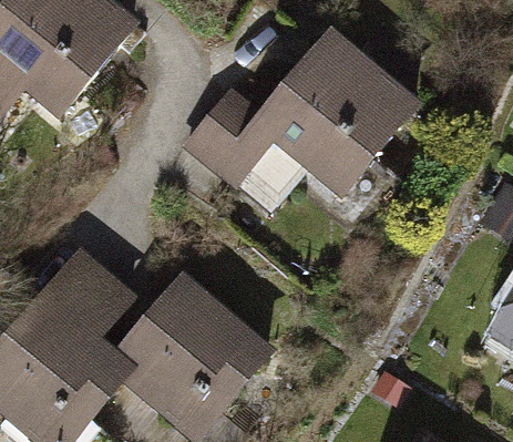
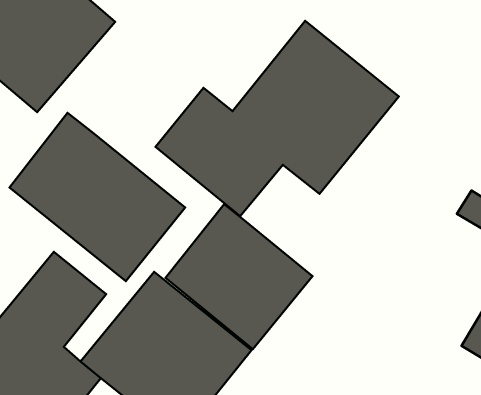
building: none -> [9,113,185,281]
building: none -> [165,204,313,349]

